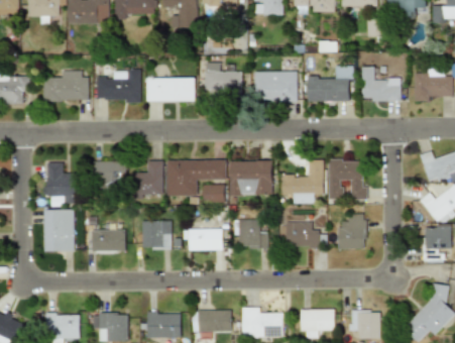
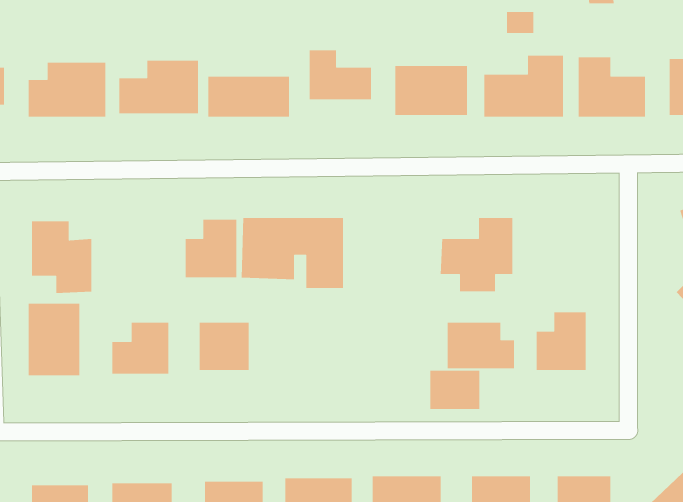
building: [328,158,366,199] -> none
building: [93,160,126,193] -> none
building: [230,160,273,195] -> none
building: [188,222,222,250] -> none
building: [239,224,268,247] -> [429,370,480,410]

